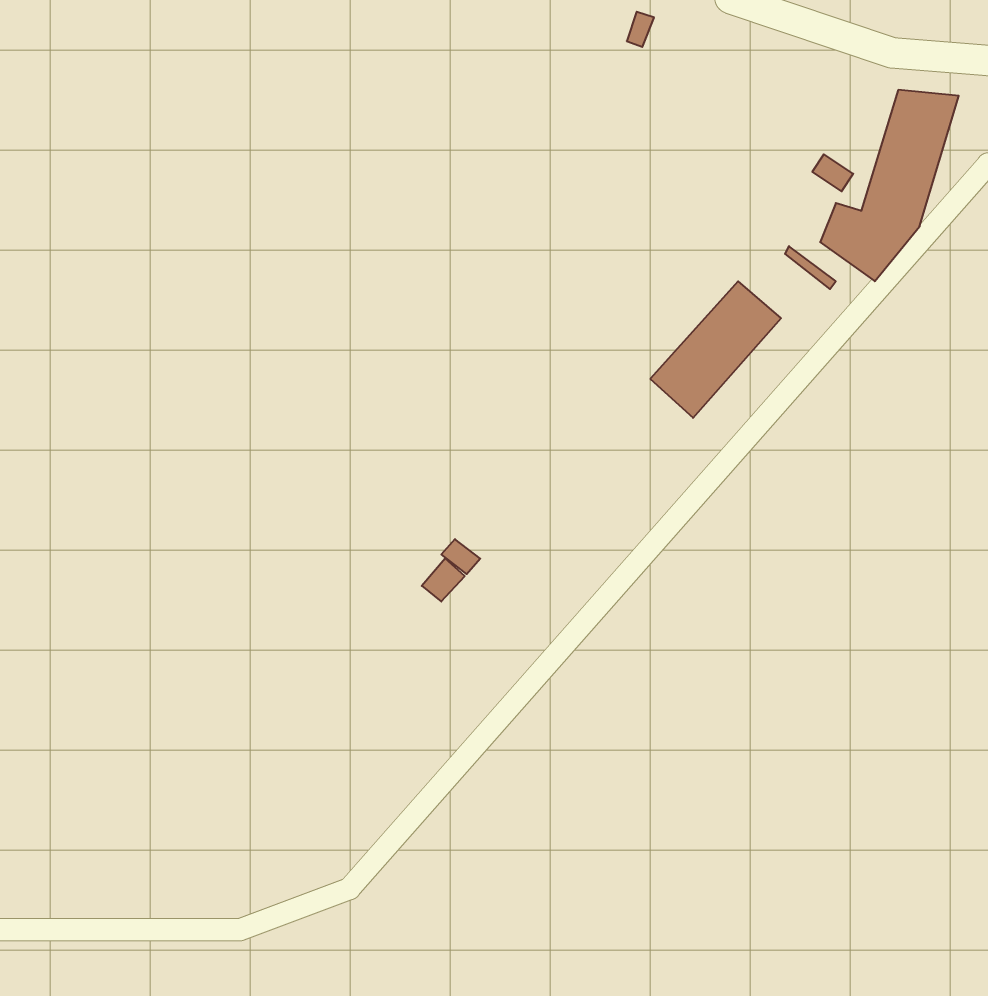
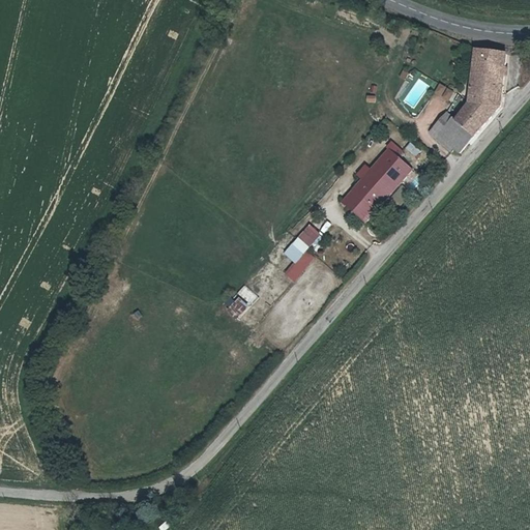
building: none -> [281,223,319,282]

